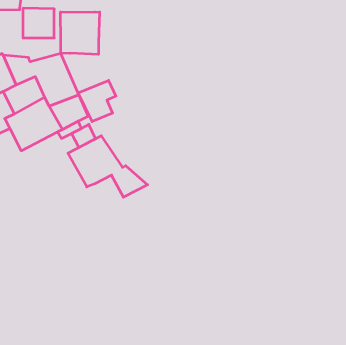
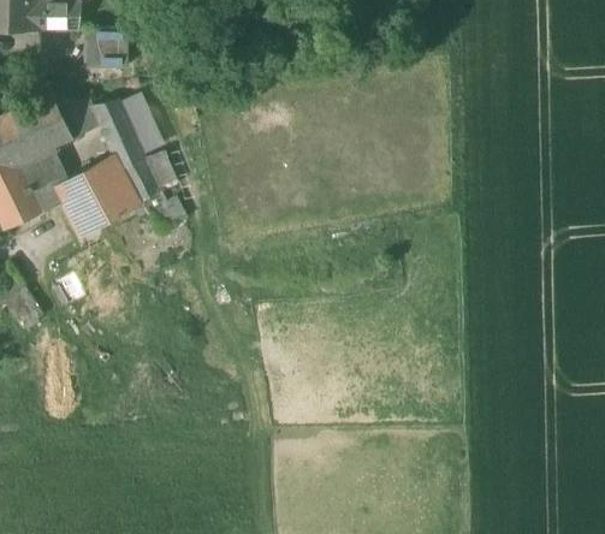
building: [61,12,100,54] -> none
building: [78,80,116,122] -> none
building: [68,136,148,197] -> none

